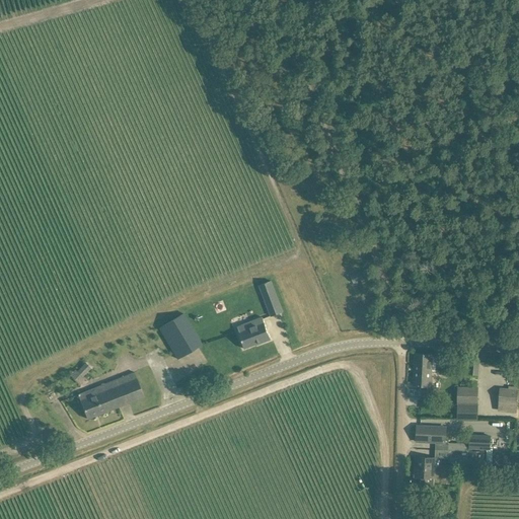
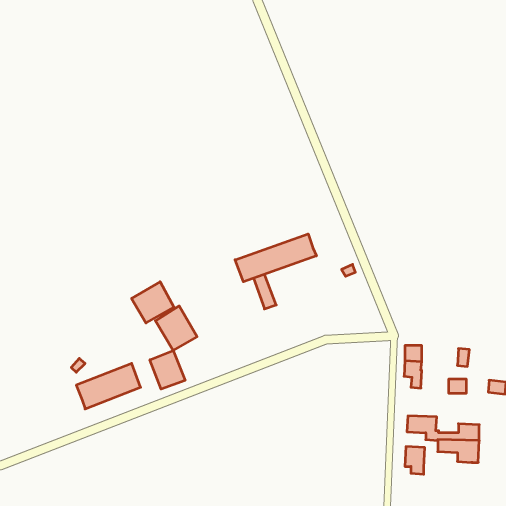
building: none -> [235,234,316,282]
building: none -> [132,282,174,323]
building: [237,317,271,349] -> none
building: none -> [150,351,185,389]

